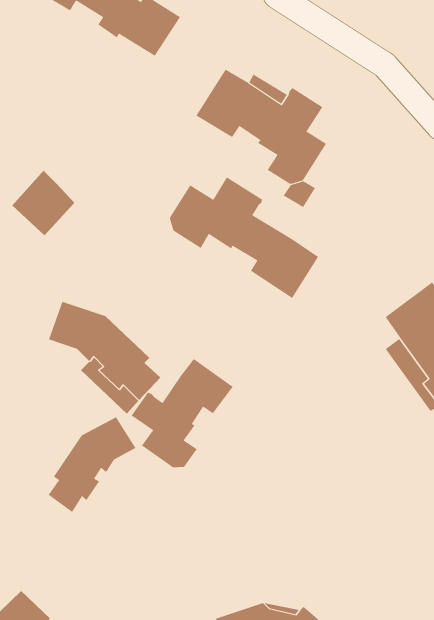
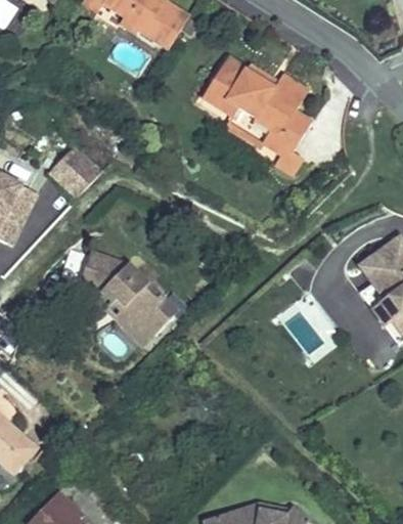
building: [169,176,319,299] -> none
building: [131,358,234,468] -> none
building: [48,417,136,513] -> none

